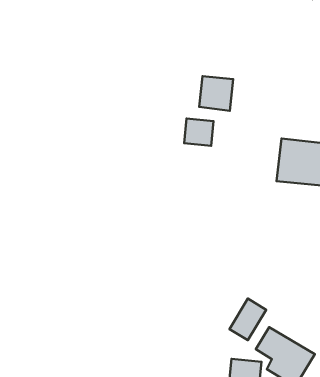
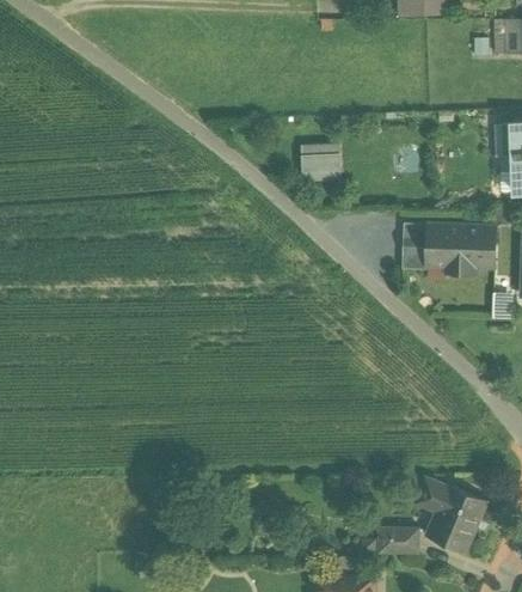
building: [184,119,213,146] -> none
building: [229,299,266,340] -> none

